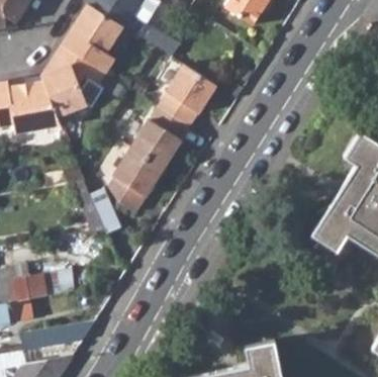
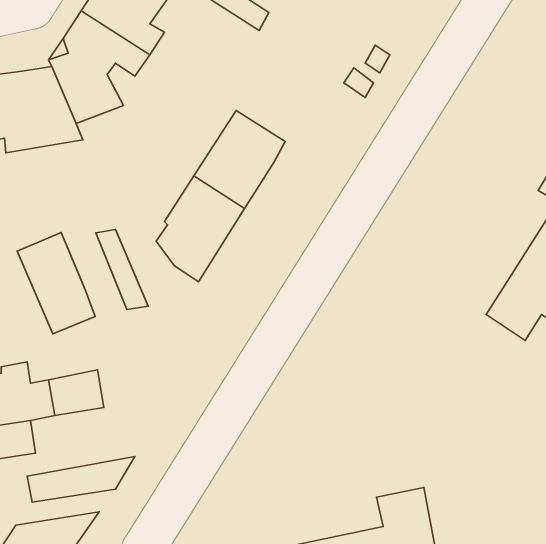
building: [158,64,215,125] -> none
building: none -> [17,233,95,334]

